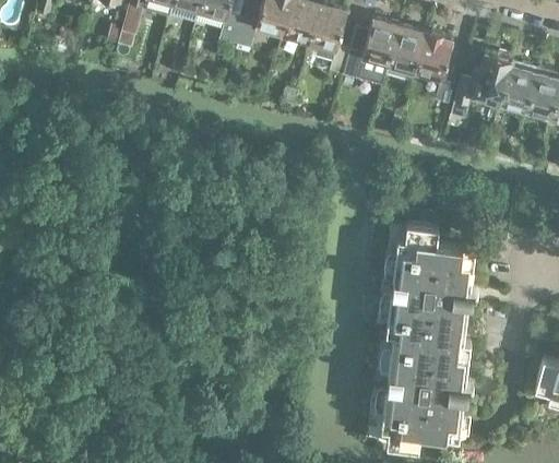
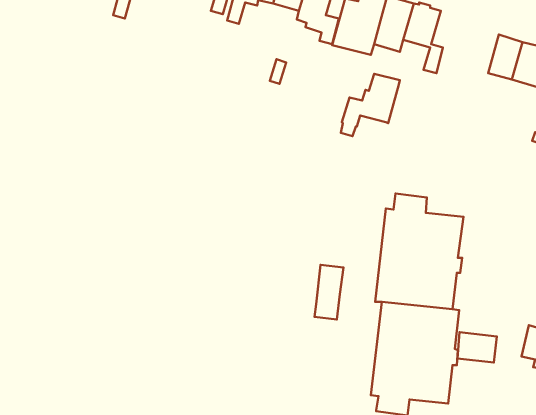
building: [450,51,510,115] -> [341,74,400,136]
building: none -> [314,265,344,319]
building: none -> [457,332,497,362]

